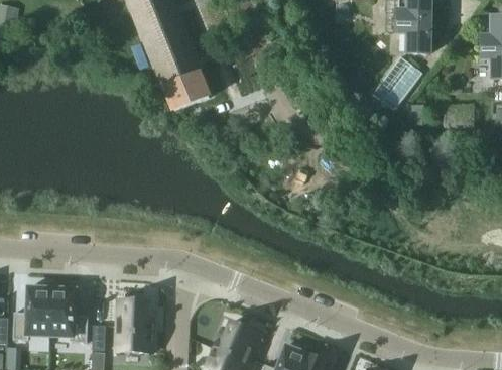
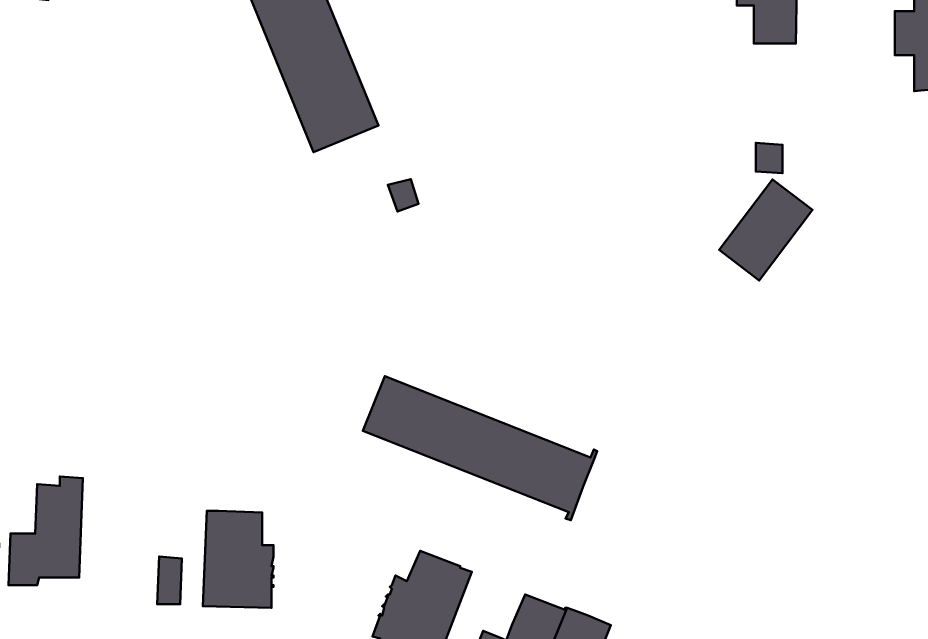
building: [372,55,421,109] -> [719,179,813,280]
building: none -> [363,376,597,520]
building: [50,282,88,342] -> none

